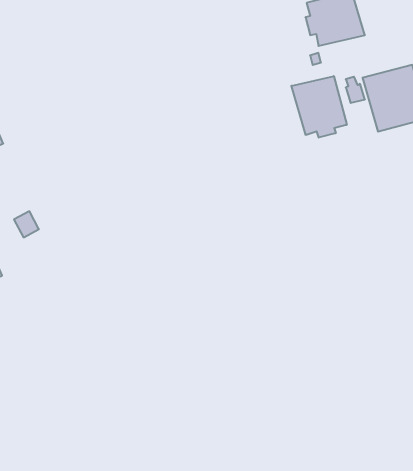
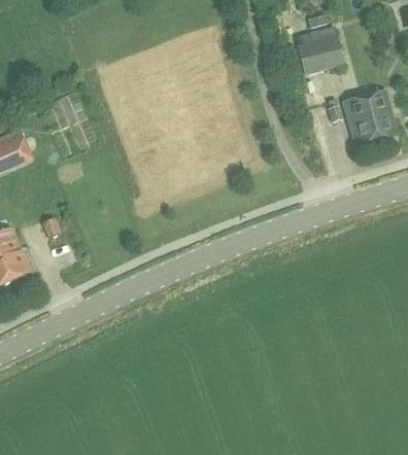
building: [291,76,347,138] -> none

